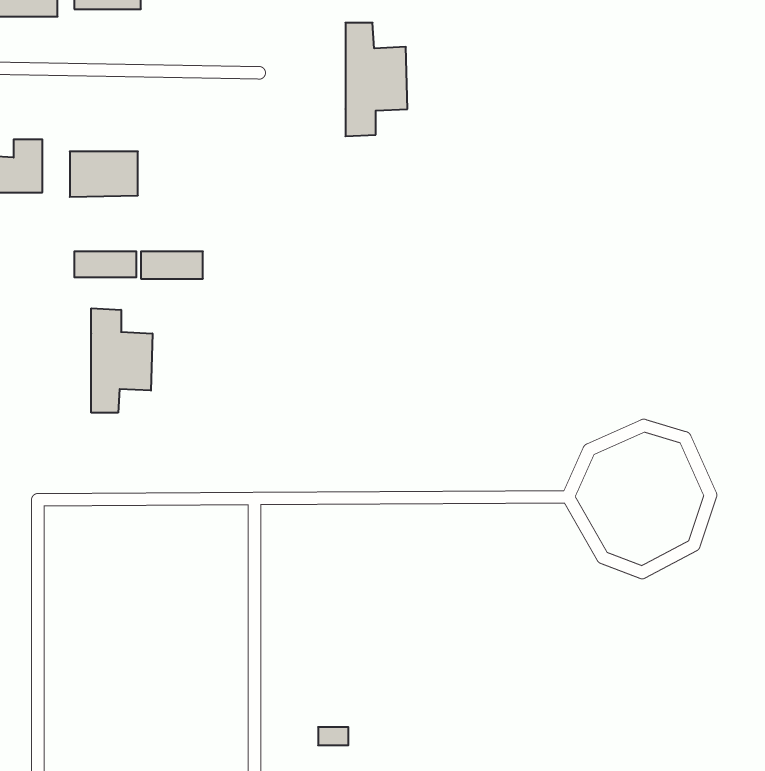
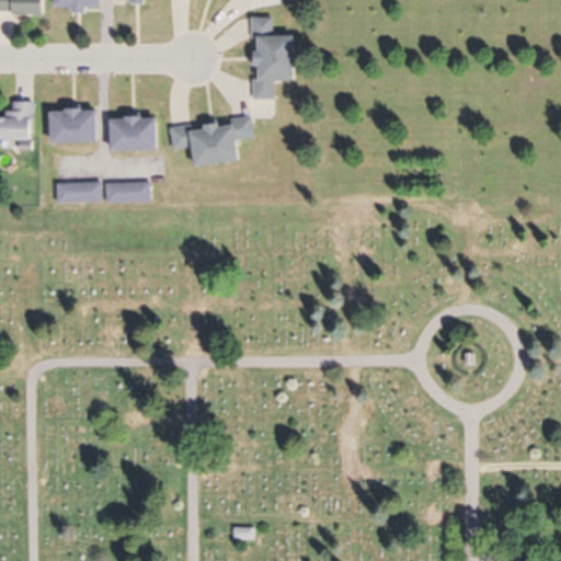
building: none -> [108,117,159,150]
building: none -> [168,119,250,165]
building: [91,308,152,413] -> none

